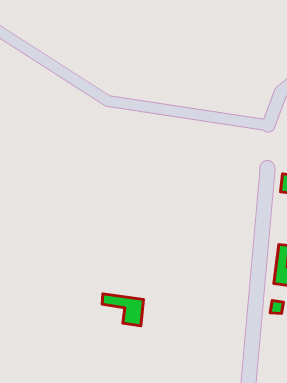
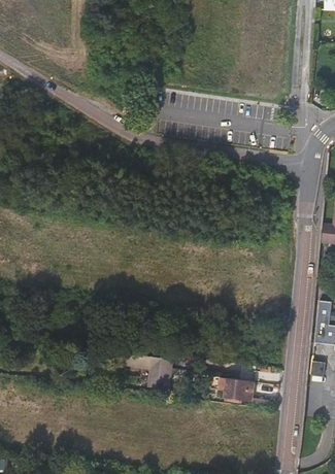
building: none -> [215,376,253,400]

